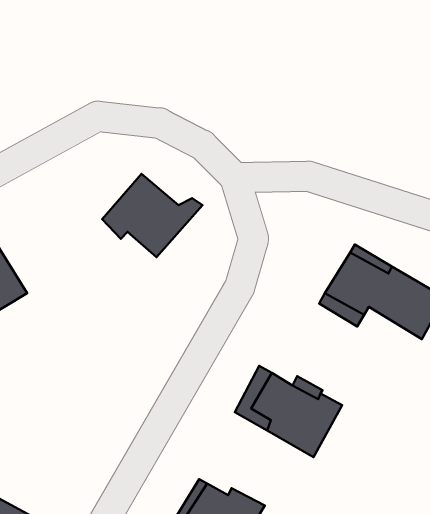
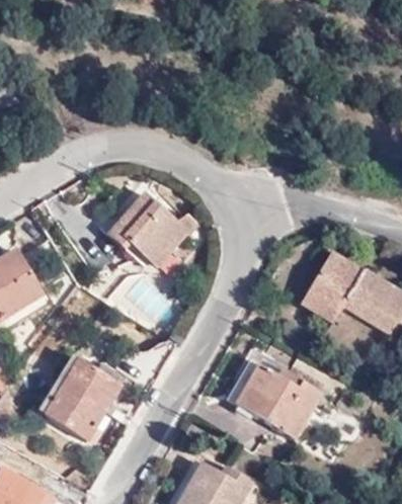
building: none -> [45,360,122,441]

